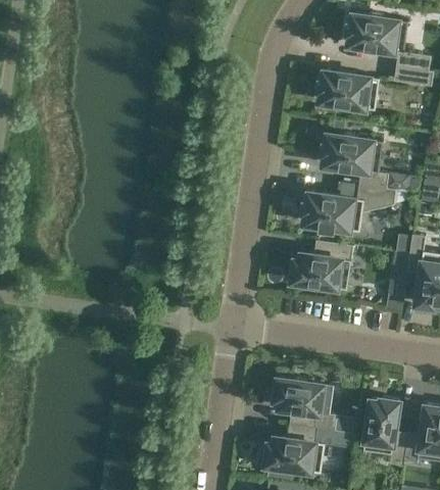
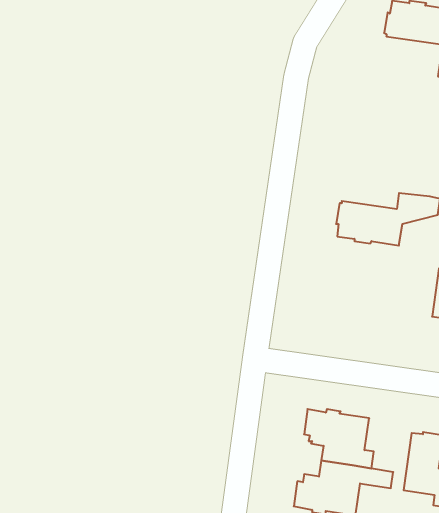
building: [317,71,379,111] -> none
building: [321,135,388,189] -> none
building: [290,241,352,290] -> none

